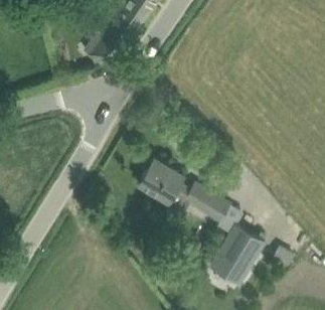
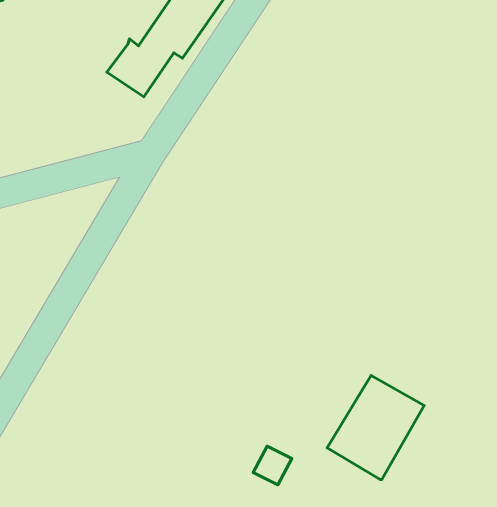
building: [137,159,229,223] -> none

